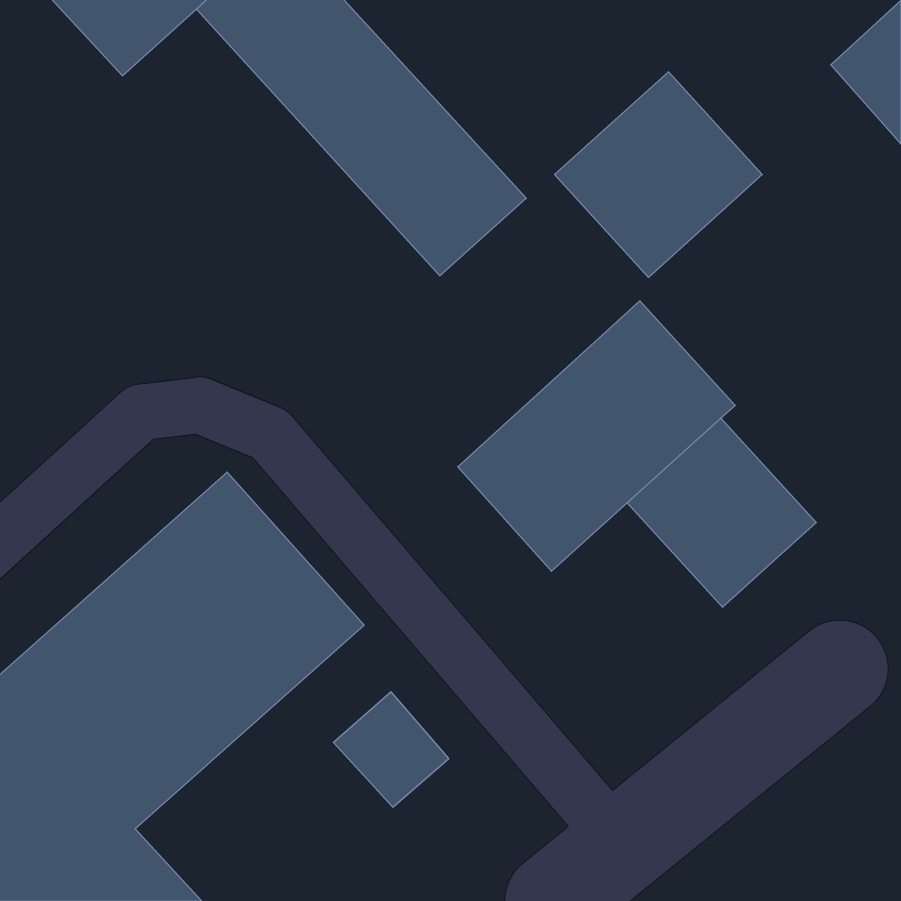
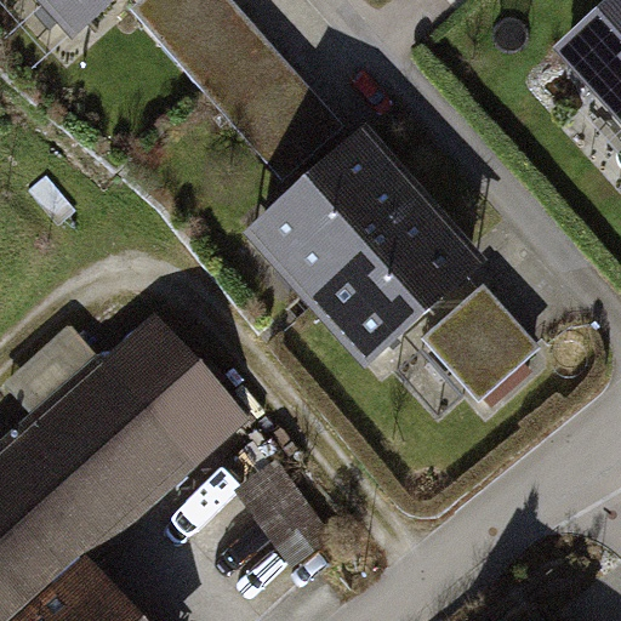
building: [555,72,762,277] -> none
building: none -> [239,126,431,314]

